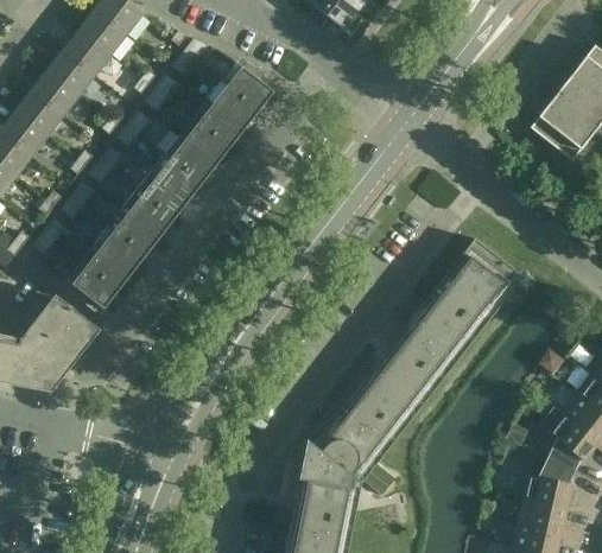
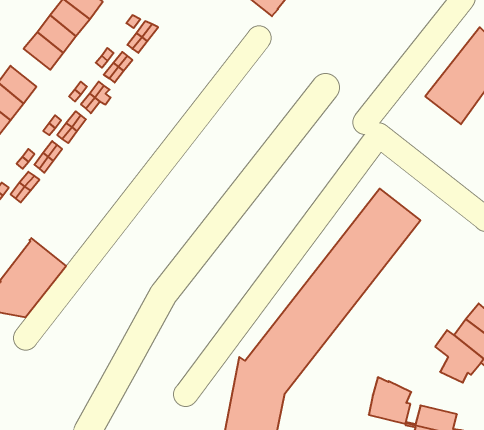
building: [65,62,284,319] -> none
building: [31,70,78,115] -> none
building: [522,452,574,508] -> [369,377,411,424]

